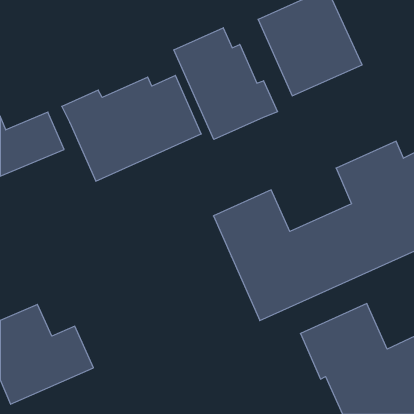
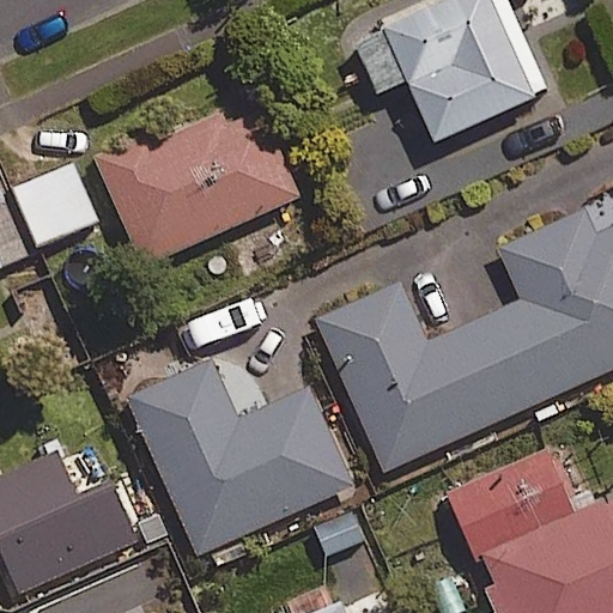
building: [174,28,278,139] -> none
building: none -> [126,359,354,556]

